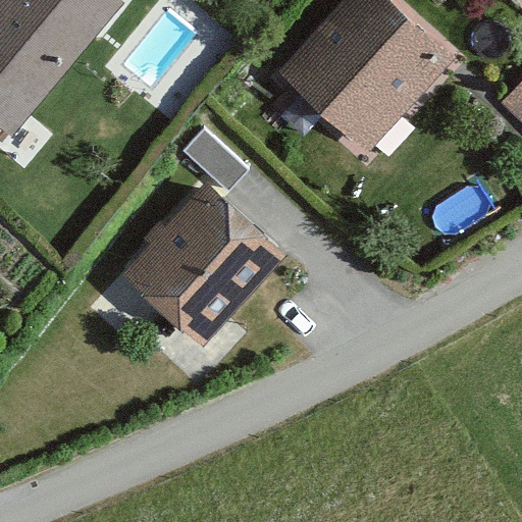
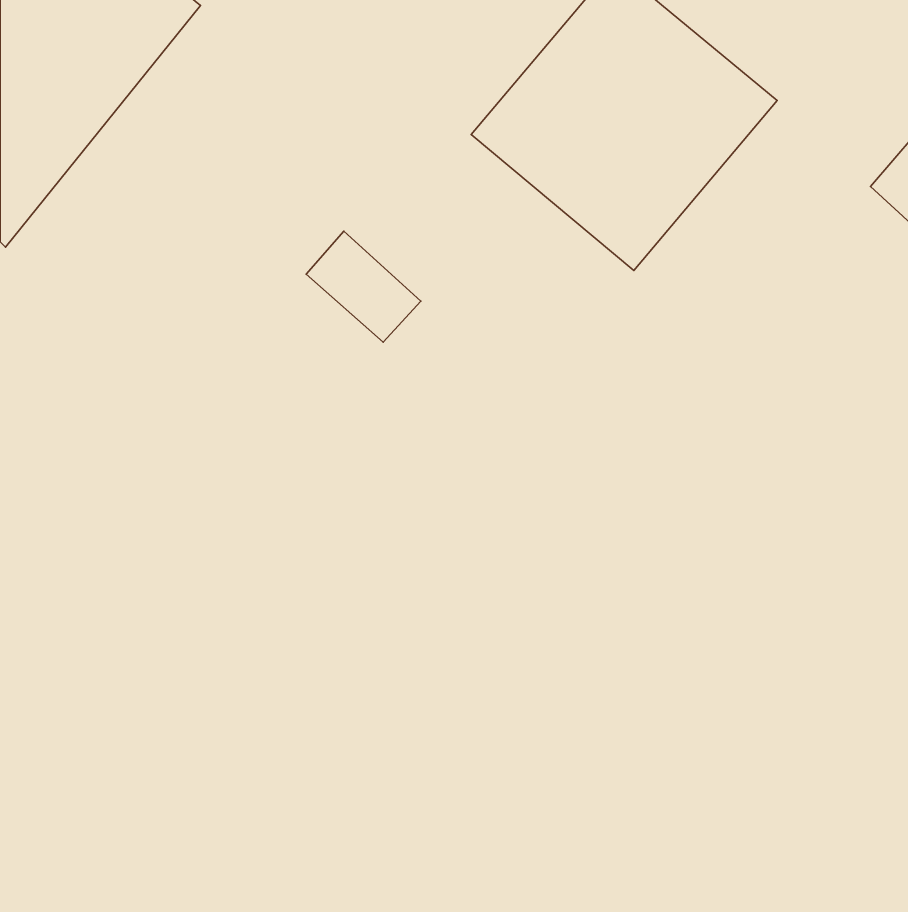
building: [119,187,280,348] -> none

